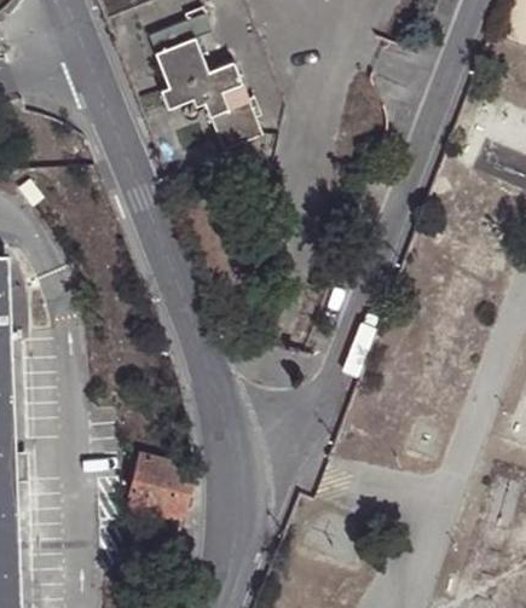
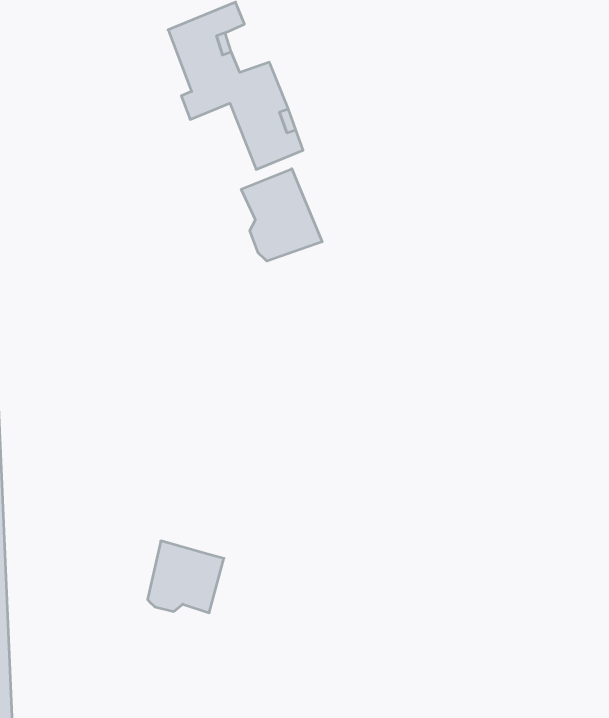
building: none -> [241,169,322,261]

